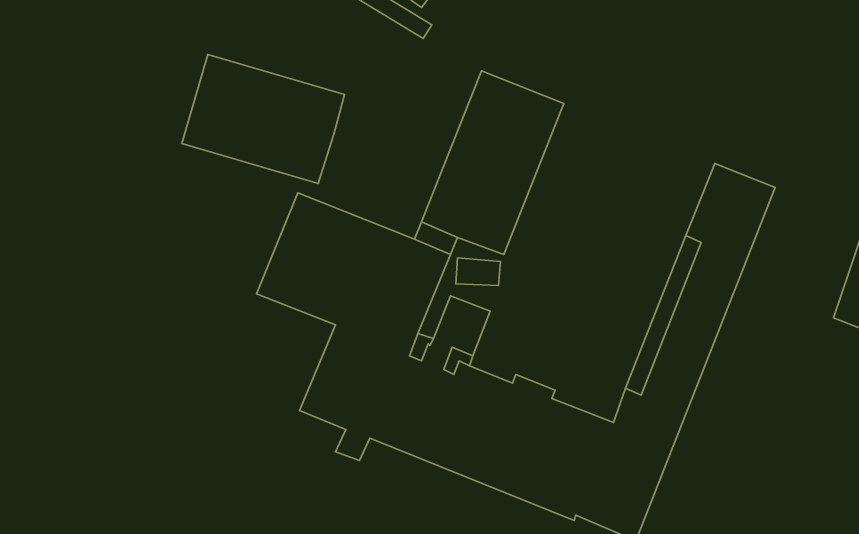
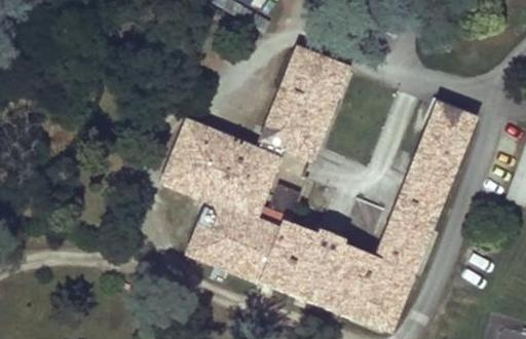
building: [182,55,344,183] -> none

